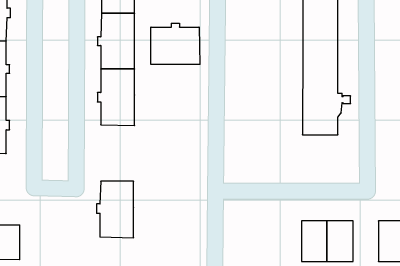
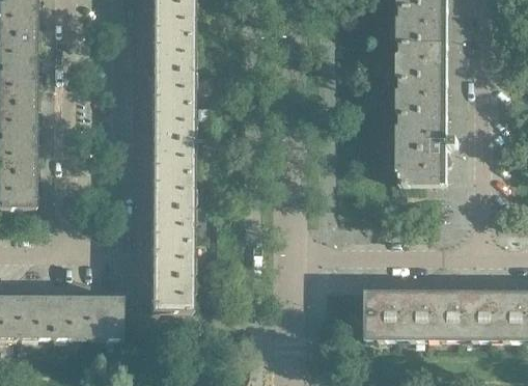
building: [151,23,200,64] -> none
building: none -> [148,172,194,242]
building: none -> [367,291,399,340]
building: none -> [463,291,494,340]
building: none -> [53,292,122,338]

